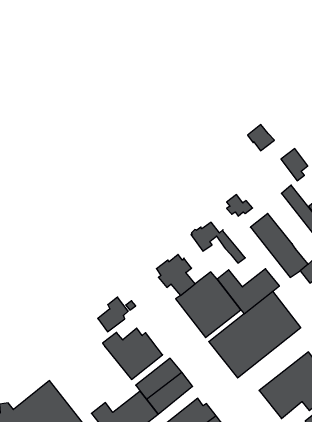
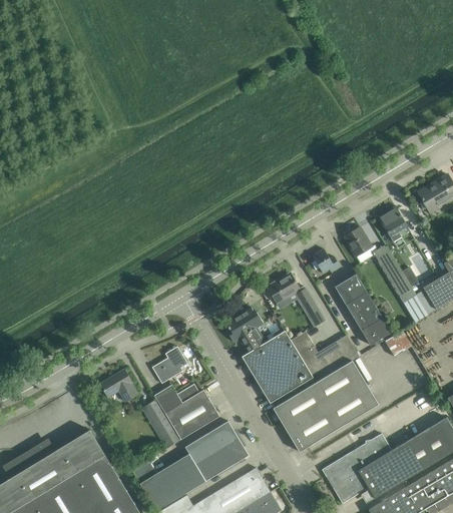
building: [248,125,274,151] -> [344,227,373,256]
building: none -> [100,370,138,402]
building: none -> [142,400,181,449]

